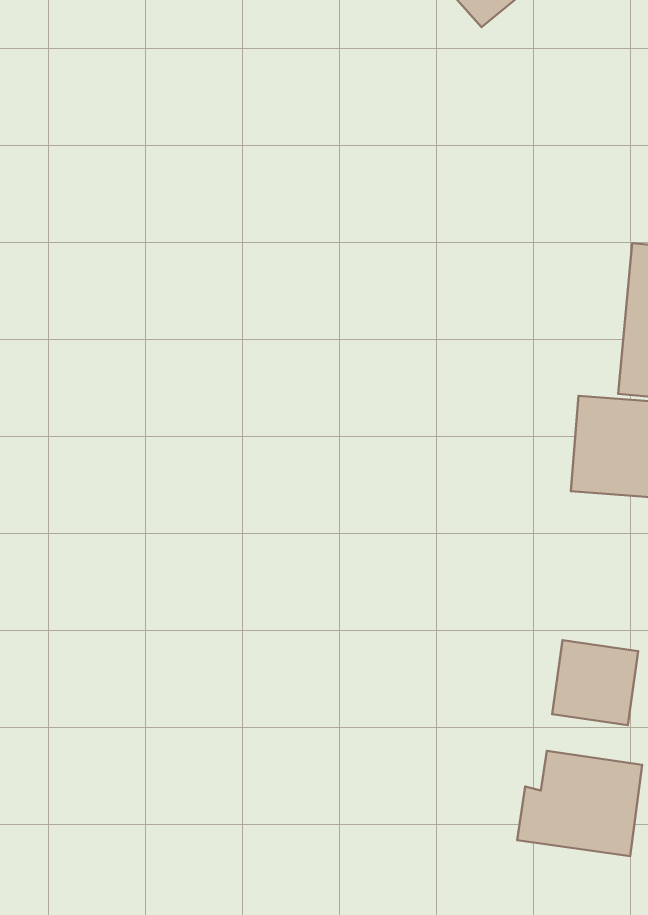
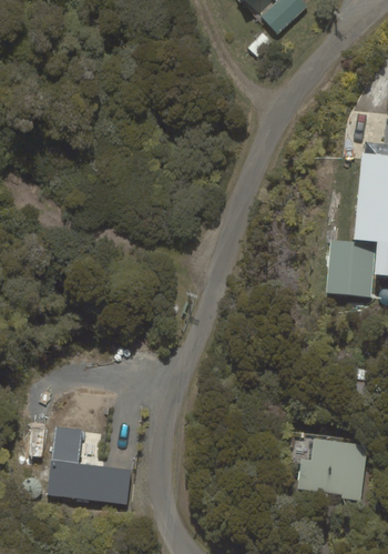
building: [552,640,638,725] -> none
building: none -> [47,425,131,504]

